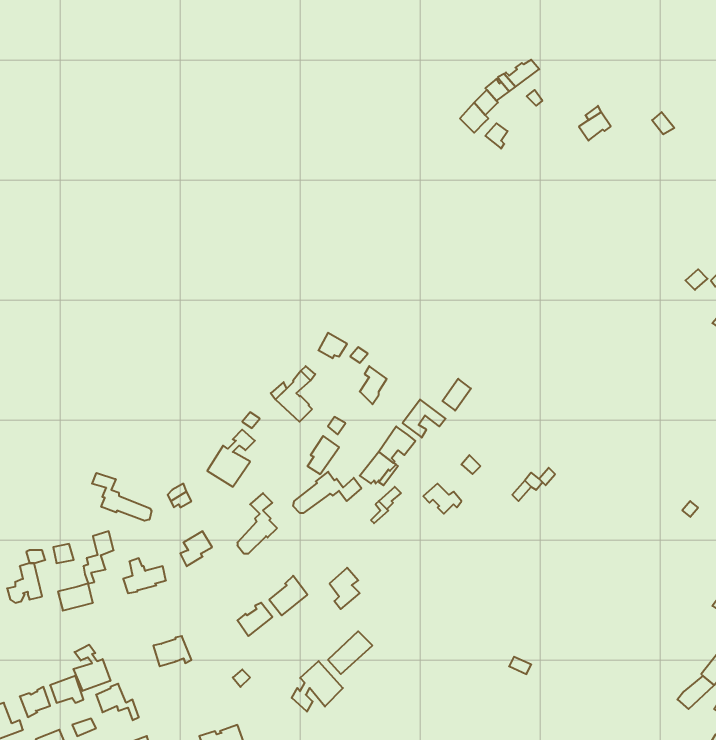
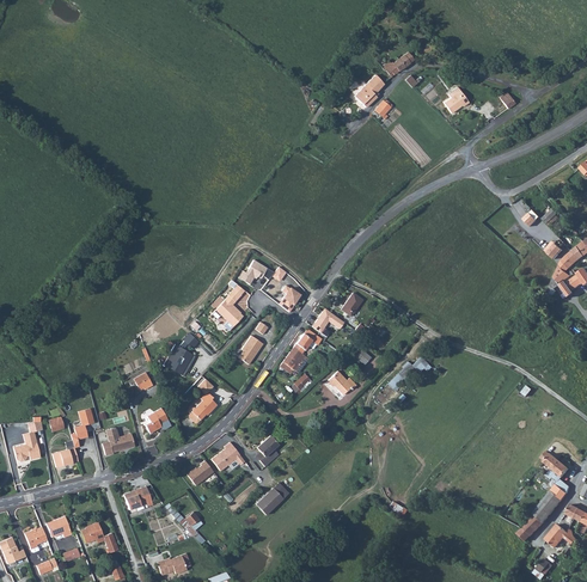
building: [293,472,361,513] -> none
building: [92,473,152,521] -> none
building: [73,645,110,691] -> none
building: [292,661,343,712] -> none

